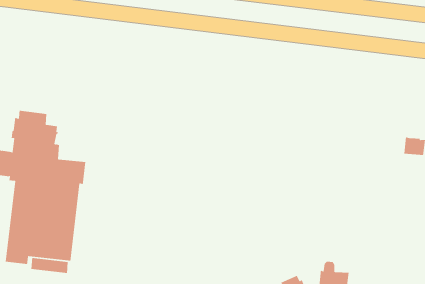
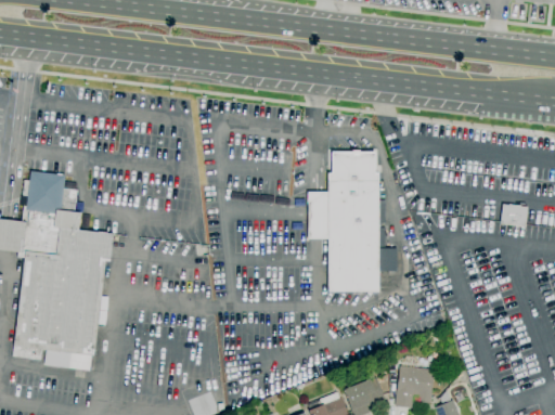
building: none -> [307,153,395,294]

